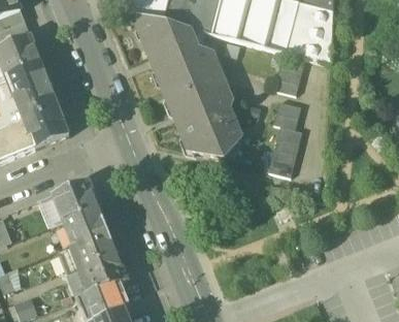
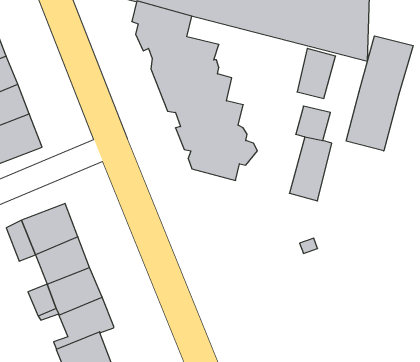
building: none -> [346,36,413,151]

